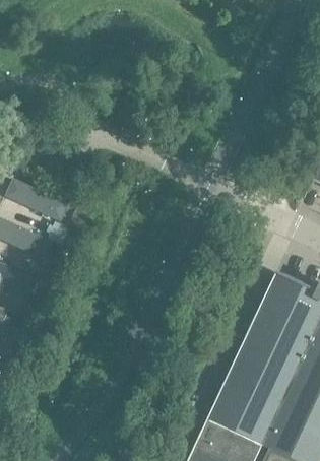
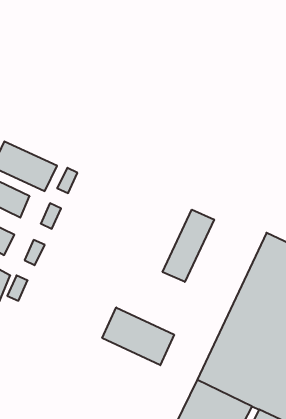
building: none -> [163,210,214,282]
building: none -> [102,307,174,365]

